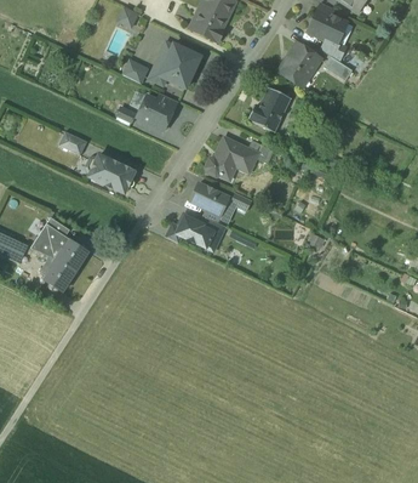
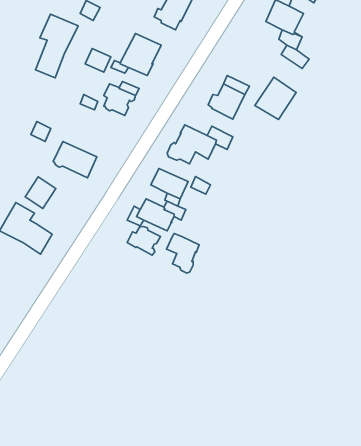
building: none -> [36,14,78,78]
building: [277,42,320,86] -> [255,77,296,119]
building: none -> [127,226,160,255]
building: none -> [166,233,199,273]
building: [44,260,75,292] -> [25,177,56,209]

